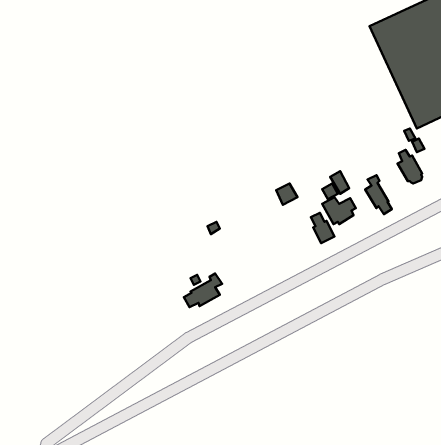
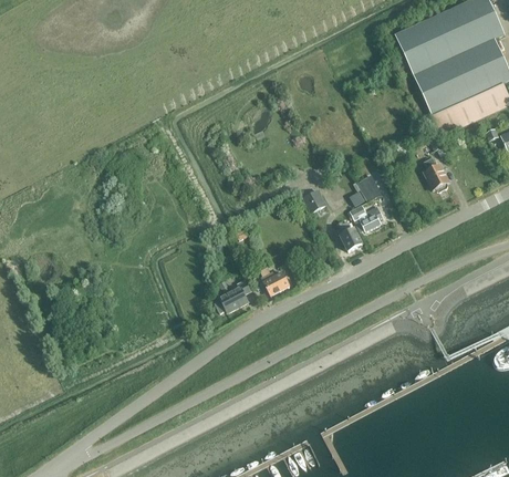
building: [365,175,392,214] -> none
building: none -> [258,261,289,293]

